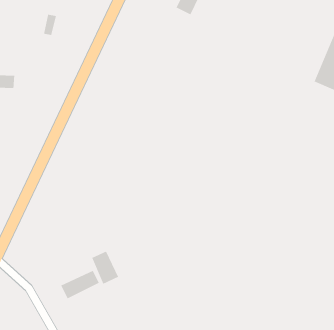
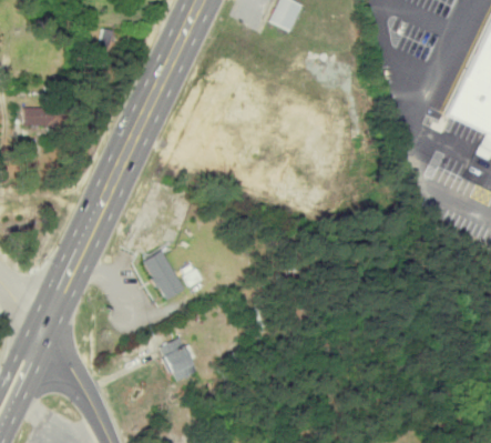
building: none -> [142,249,184,300]
building: [60,270,100,299] -> none

